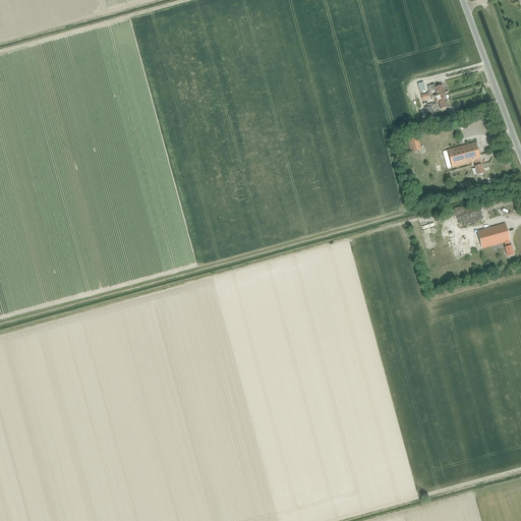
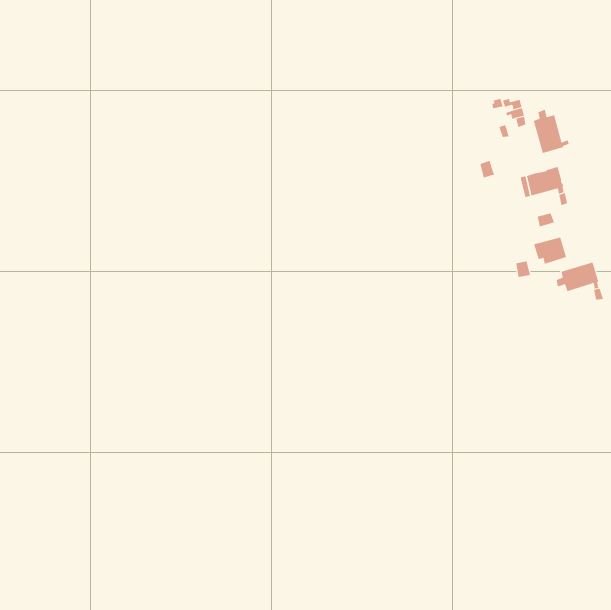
building: none -> [533,109,569,154]

